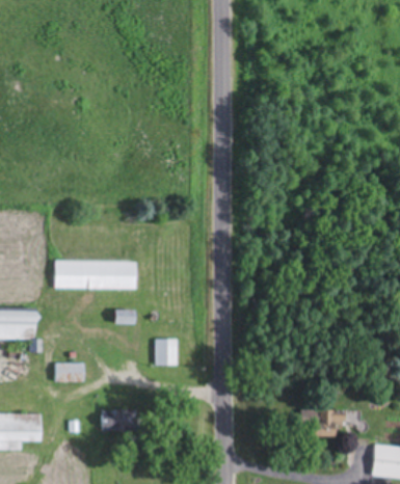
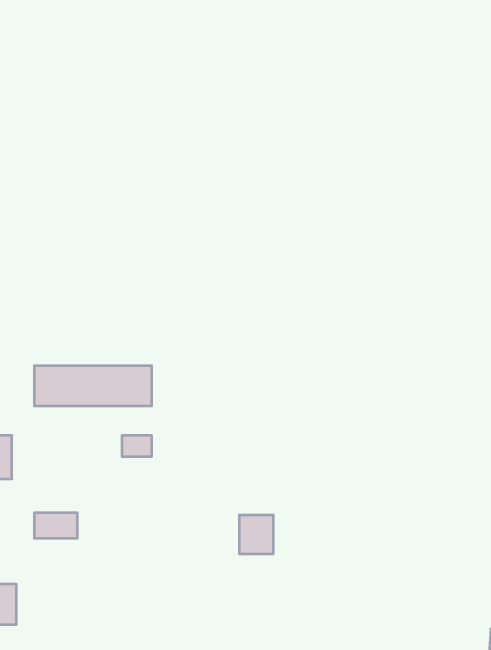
building: [154,339,178,366] -> [239,515,273,554]
building: [102,410,135,433] -> none
building: [298,411,344,437] -> none

